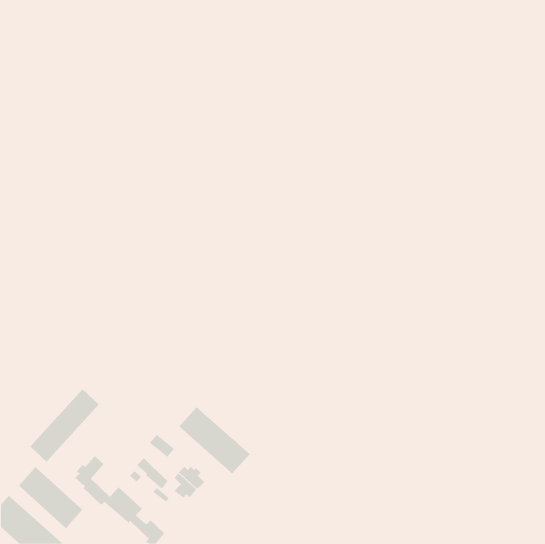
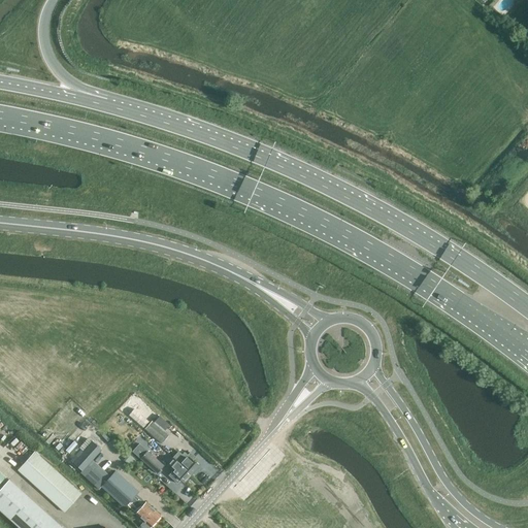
building: [29,388,99,463] -> none
building: [178,406,250,474] -> none

